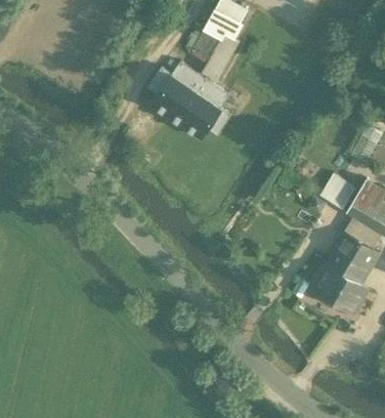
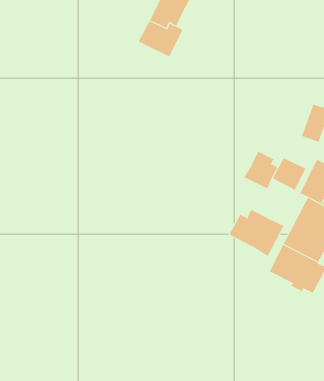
building: [147,60,231,137] -> none
building: none -> [244,151,278,189]
building: none -> [229,209,284,257]

